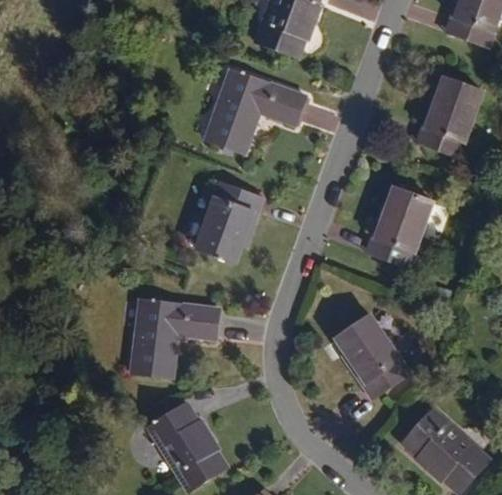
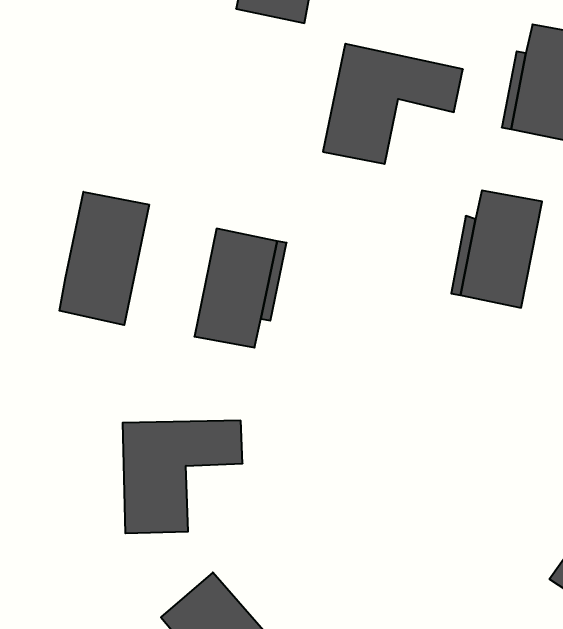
building: [205,70,304,152] -> [323,44,463,164]
building: none -> [59,192,149,325]
building: [336,316,410,397] -> none

